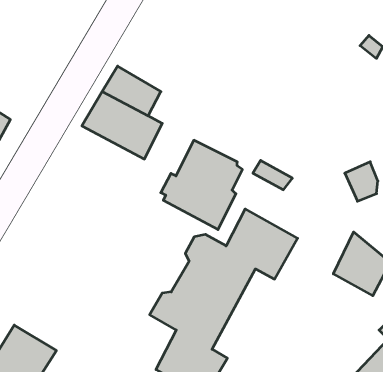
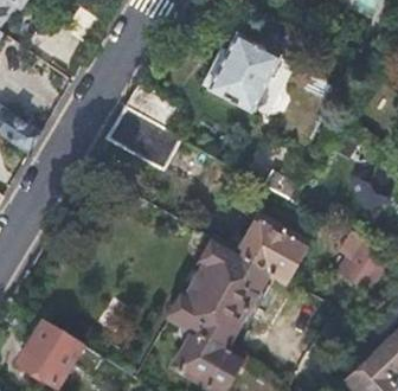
building: [161,140,242,230] -> [203,31,278,114]

